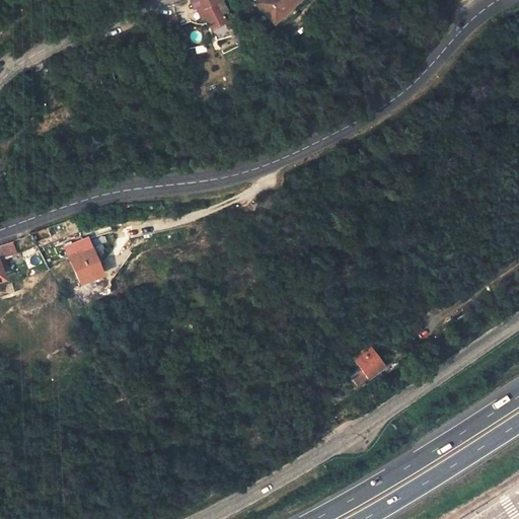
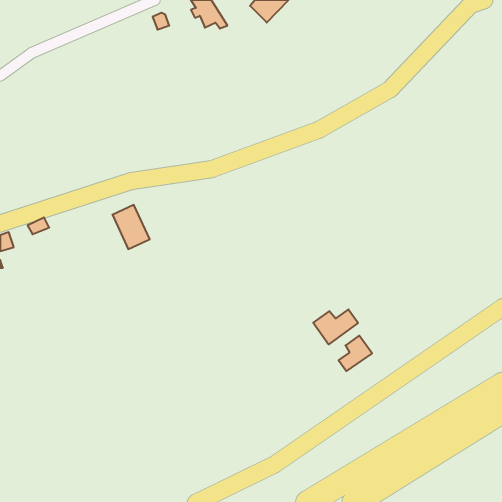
building: [64,236,102,282] -> [112,205,150,249]
building: none -> [313,309,358,344]

